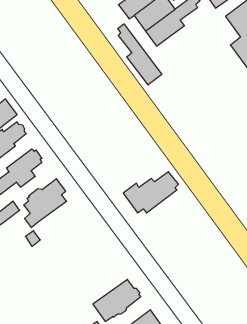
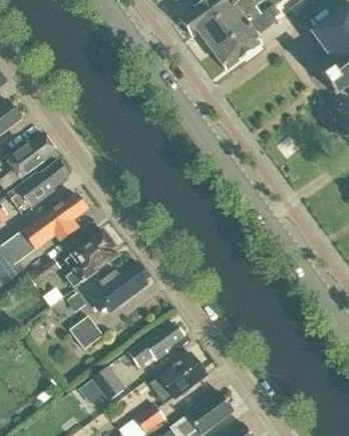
building: [118,24,162,85] -> none
building: [123,172,179,213] -> [81,261,148,311]
building: none -> [68,315,102,350]
building: none -> [127,322,184,367]
building: none -> [90,366,125,401]

